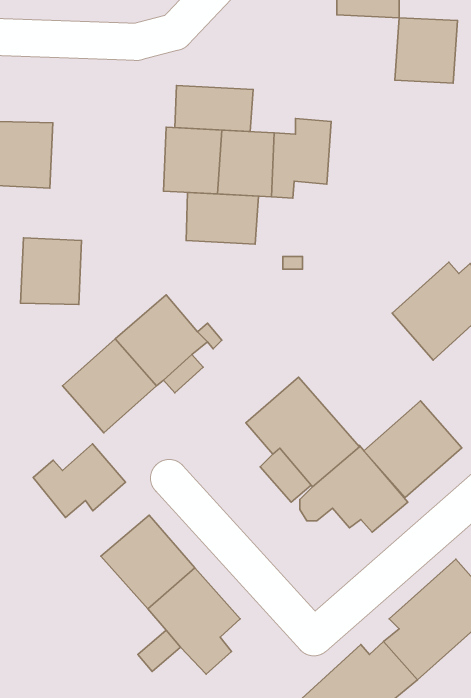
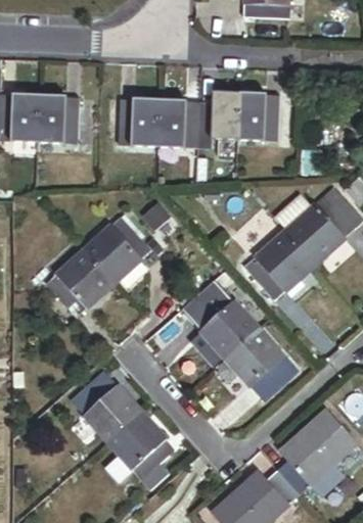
building: [395,18,457,83] -> [237,93,282,140]
building: [175,86,253,131] -> none
building: [186,192,258,244] -> none
building: [21,238,82,305] -> [38,94,82,142]
building: [364,401,462,498] -> [243,231,314,300]
building: [33,444,126,518] -> none

